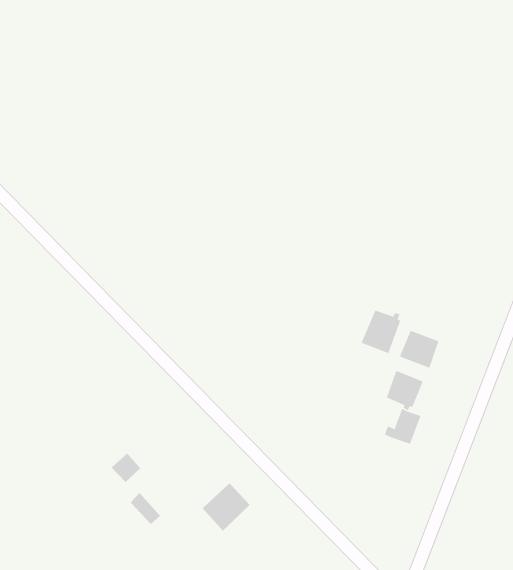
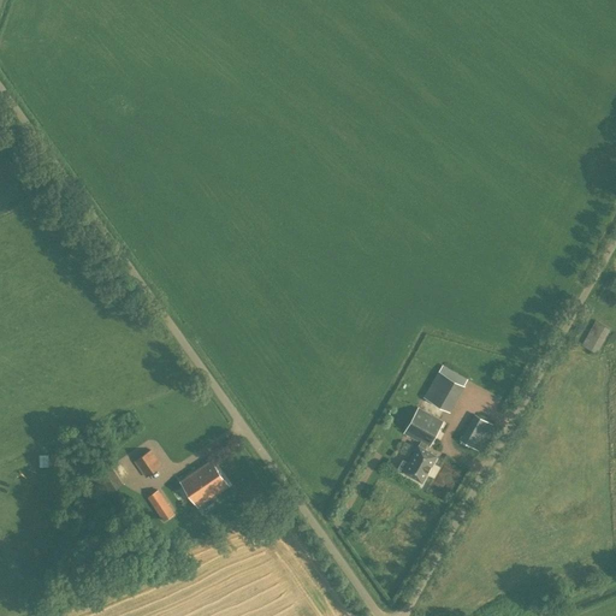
building: [361,310,401,354] -> none
building: none -> [460,416,492,450]
building: [202,483,251,532] -> [182,461,229,507]

